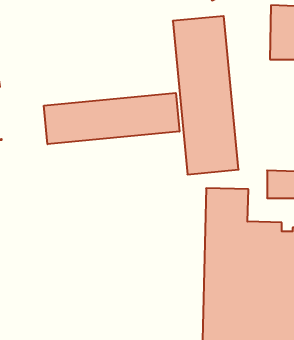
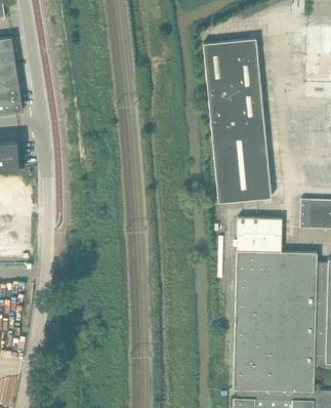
building: [44,93,179,144] -> none

